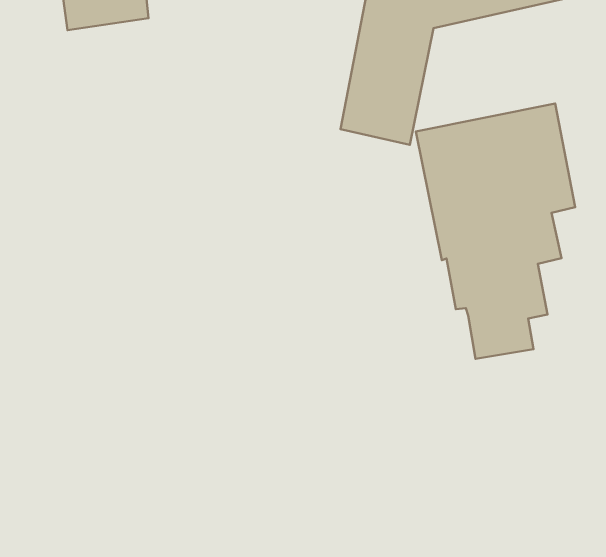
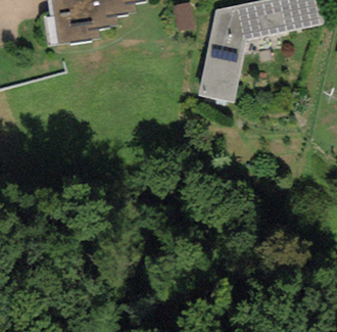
building: [416,104,575,359] -> none

